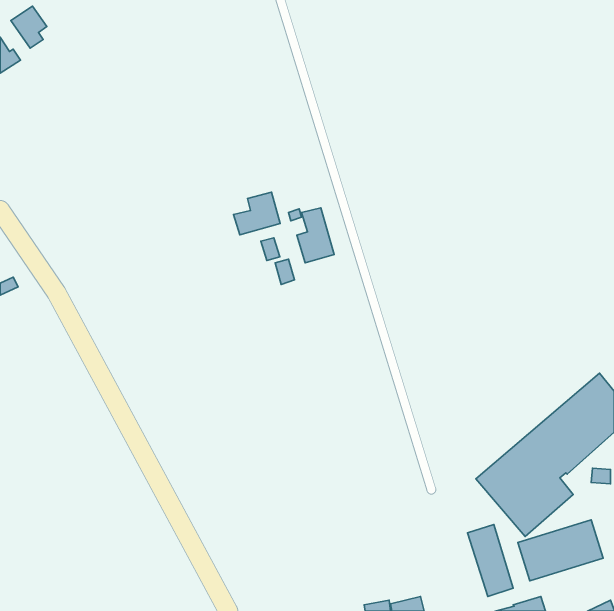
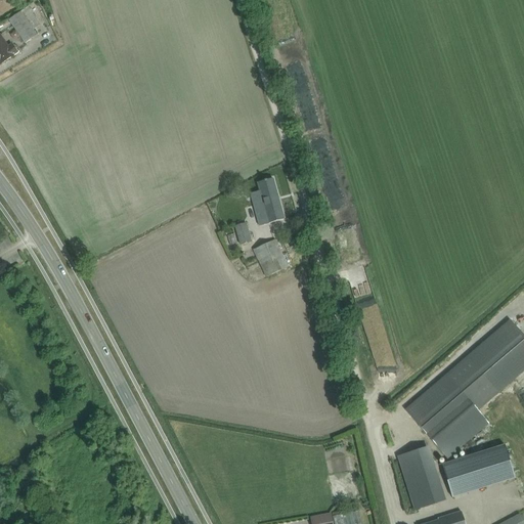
building: [234,192,280,235] -> none
building: none -> [253,237,288,275]

